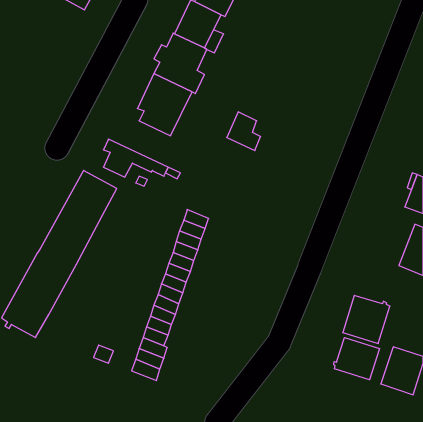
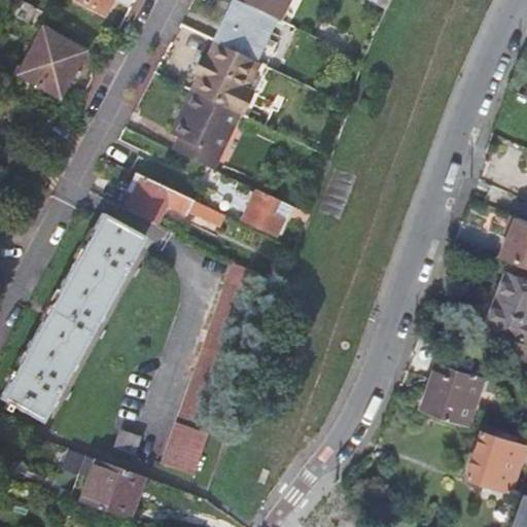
building: none -> [20,29,87,97]
building: [227,112,261,151] -> [240,188,282,237]
building: [334,338,380,380] -> none
building: none -> [64,458,145,518]

